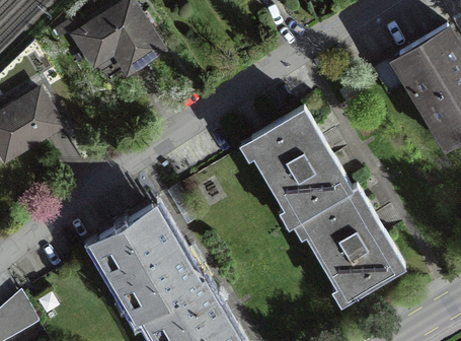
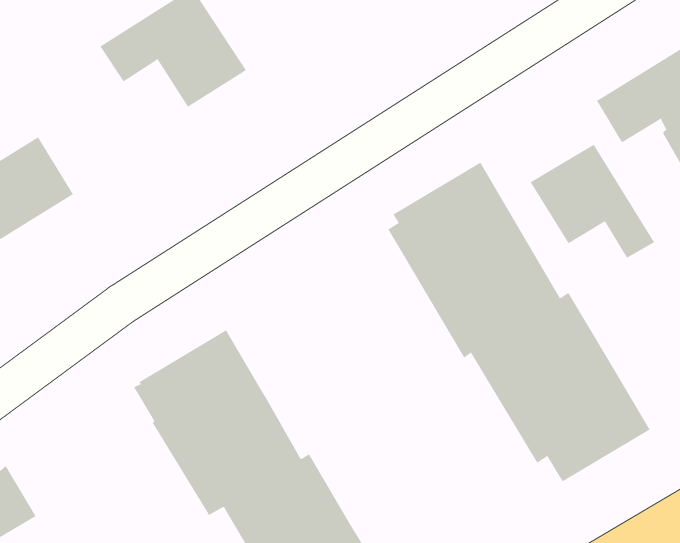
building: none -> [530,144,655,258]

